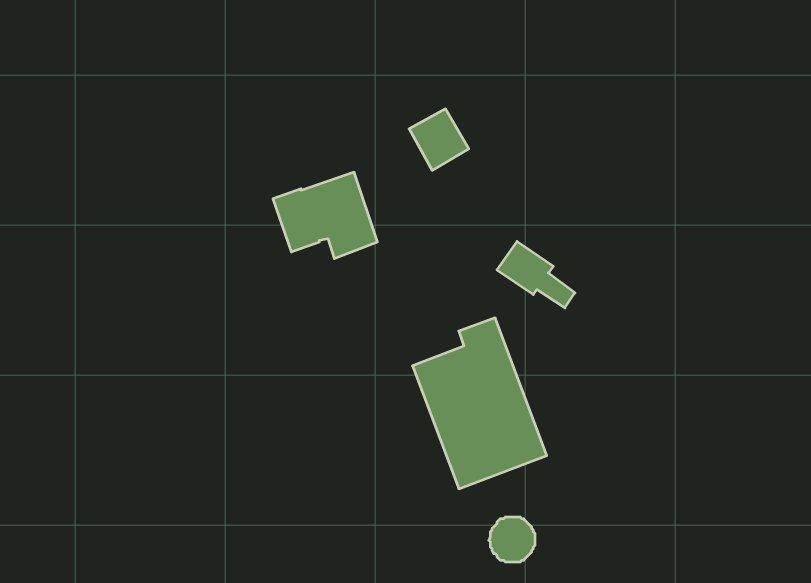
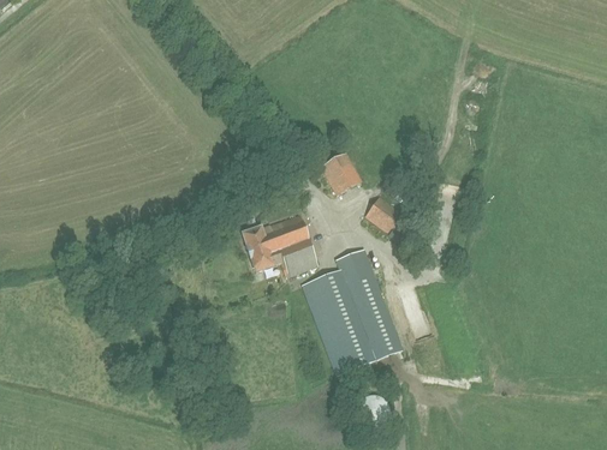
building: [409,109,469,170] -> [320,150,363,194]
building: [273,172,377,259] -> [242,214,317,276]

